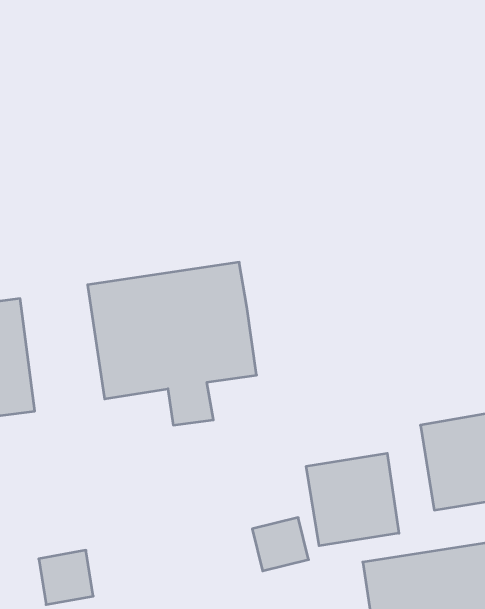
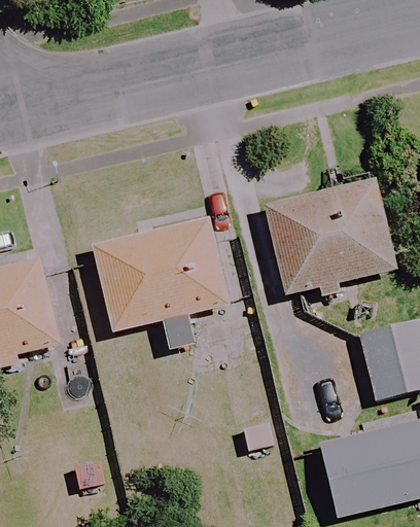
building: none -> [265,178,394,294]
building: [306,453,399,546] -> none

